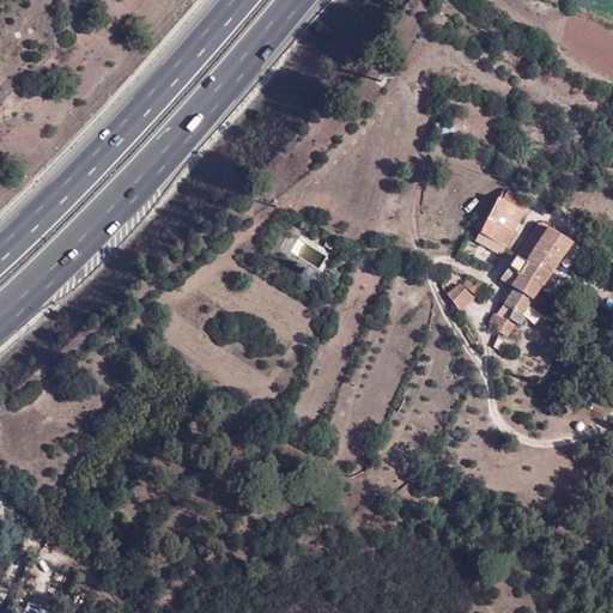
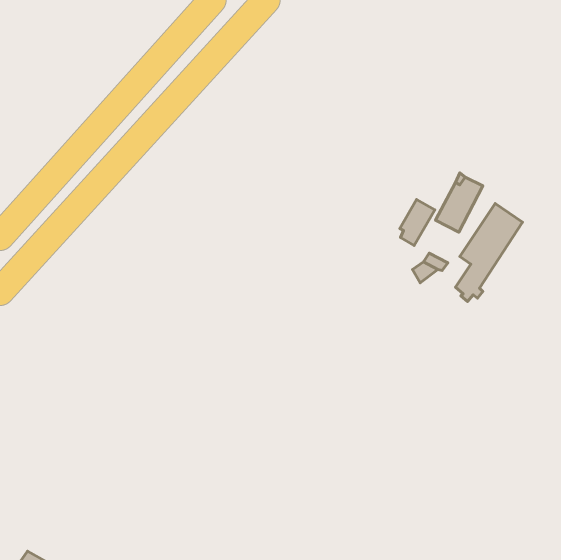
building: none -> [400,199,435,246]

